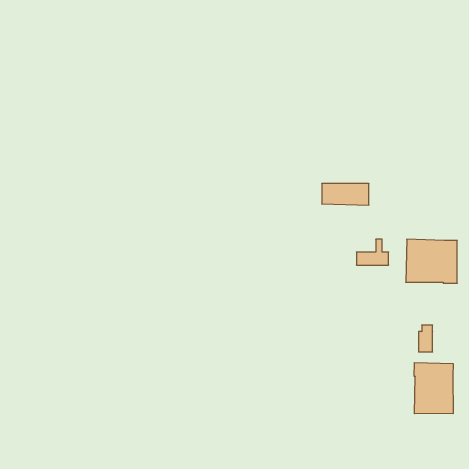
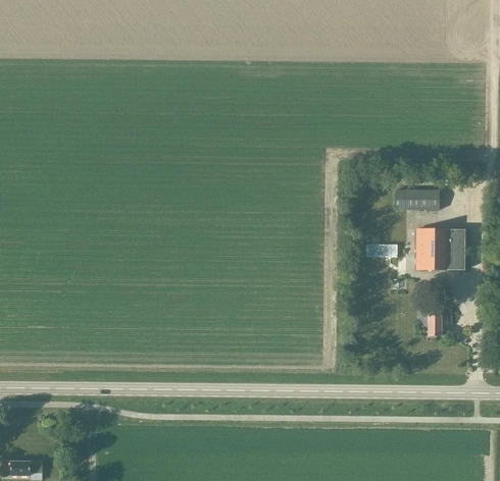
building: [322,184,369,205] -> [394,190,439,210]
building: [414,363,453,414] -> none

